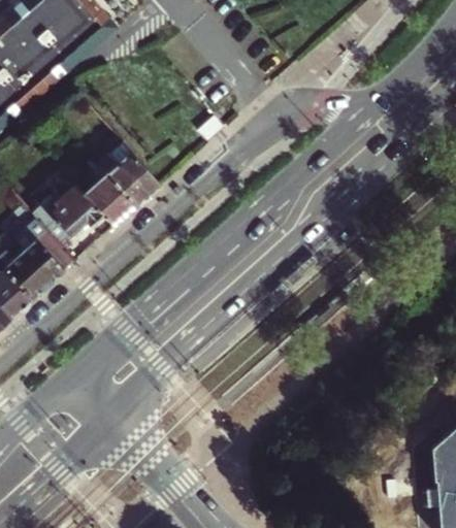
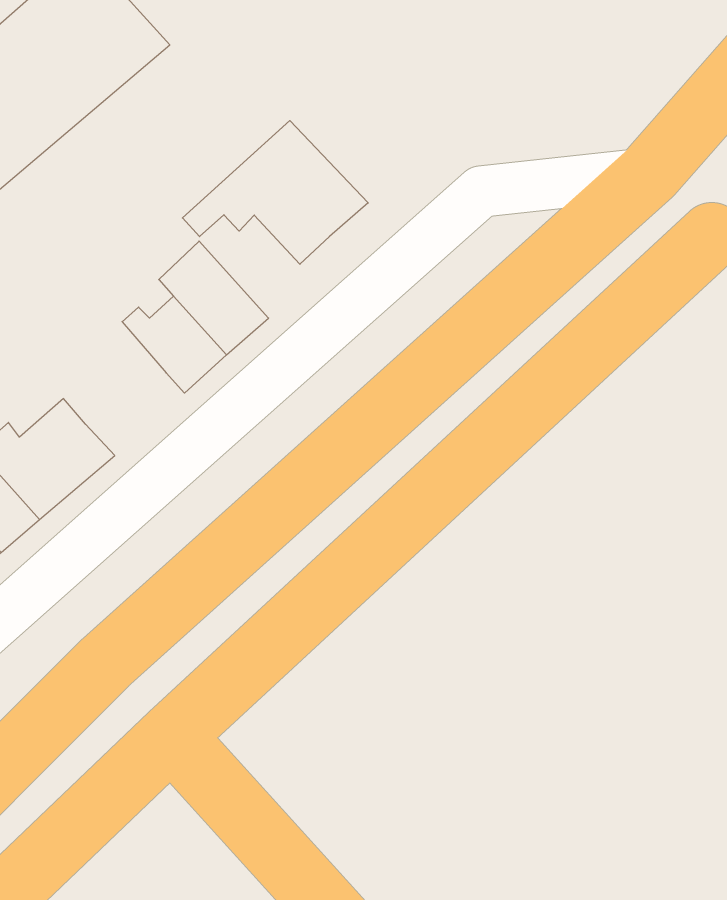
building: none -> [182,121,368,264]
building: [43,185,107,245] -> none

